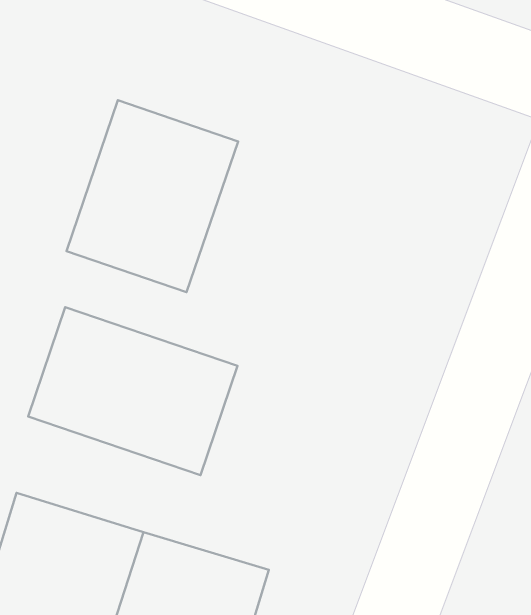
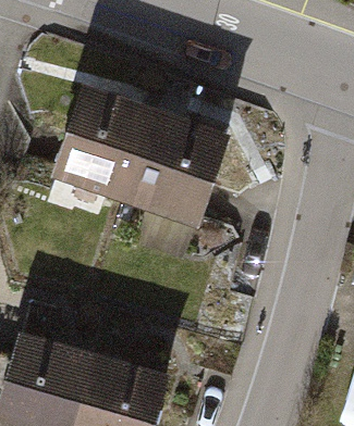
building: none -> [127,112,236,234]
building: [28,307,238,475] -> none

